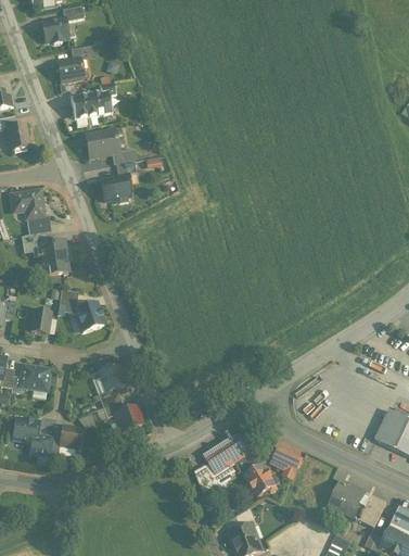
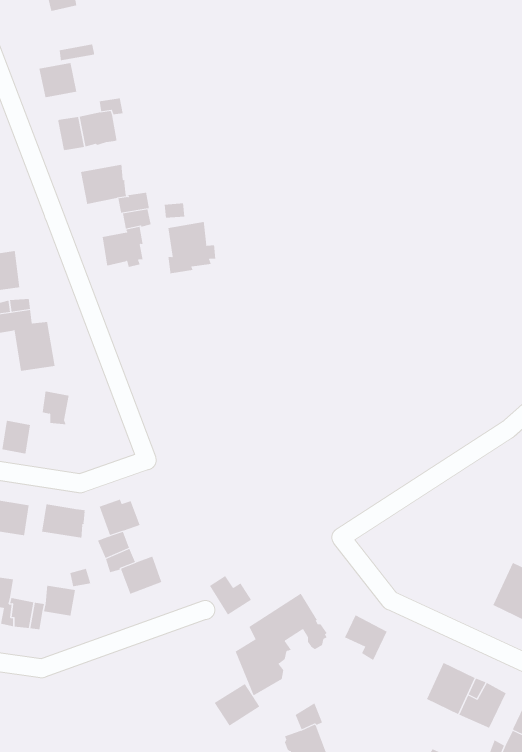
building: [42,17,67,42] -> none
building: none -> [168,221,216,274]
building: [75,301,103,330] -> none
building: none -> [41,503,87,539]
building: none -> [209,575,252,616]
building: [244,465,277,494] -> none
building: none -> [214,683,260,726]

